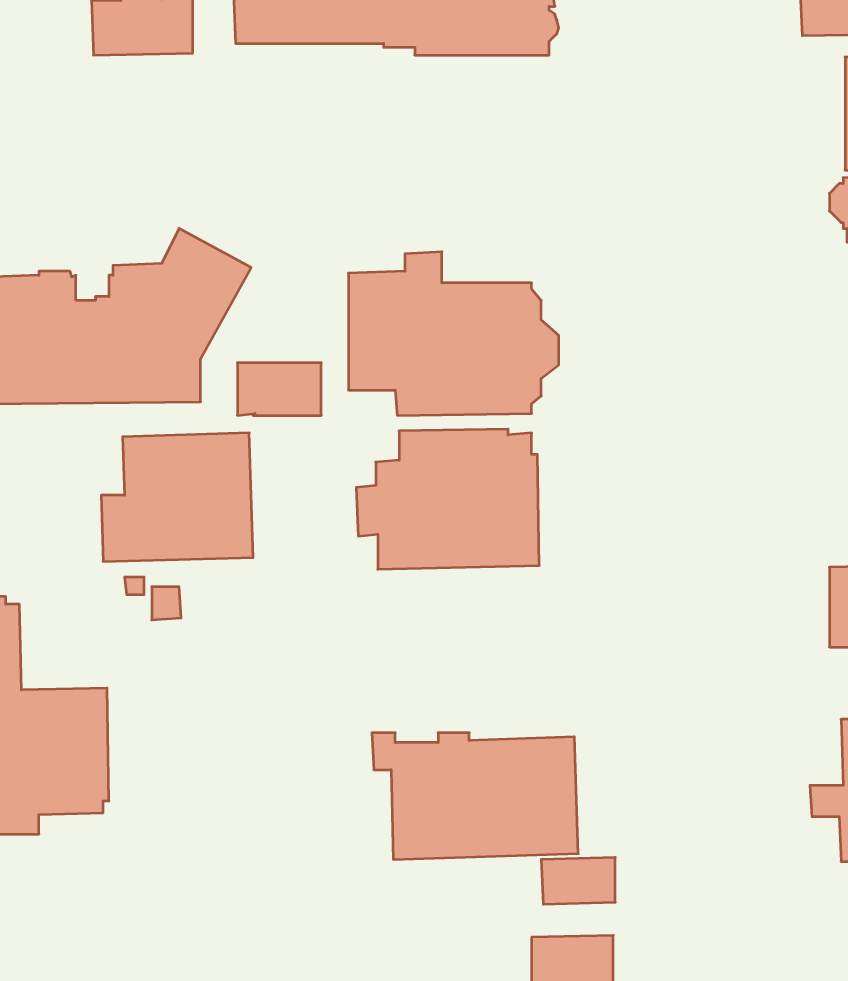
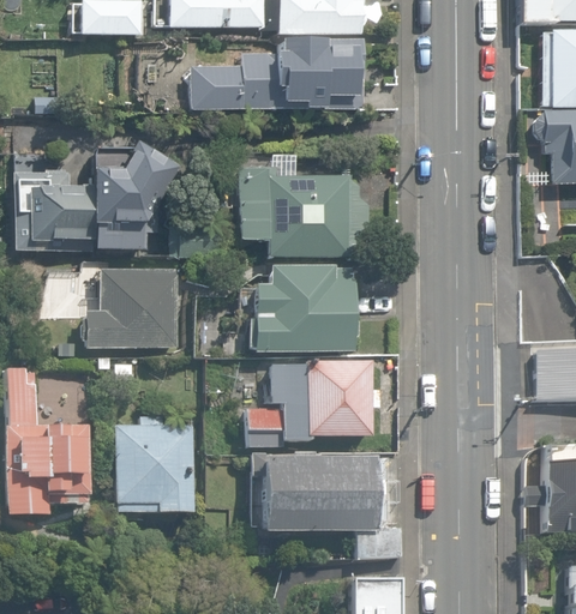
building: none -> [190,41,364,110]
building: none -> [250,360,380,444]
building: none -> [115,415,194,511]

